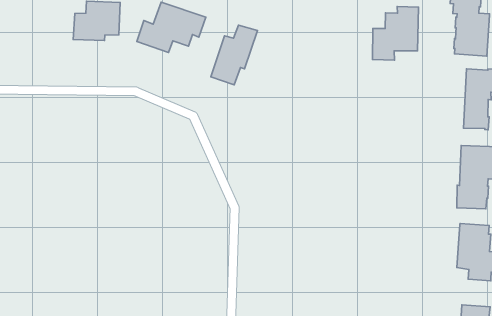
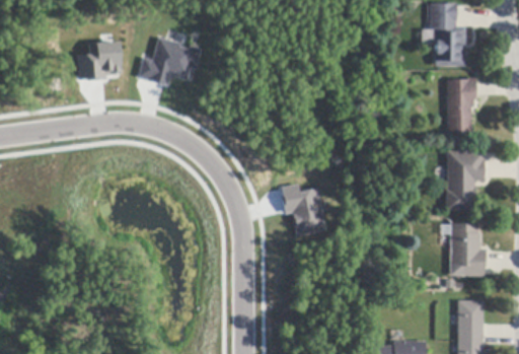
building: [372,7,418,60] -> none
building: [211,25,257,85] -> none
building: none -> [280,183,323,234]

